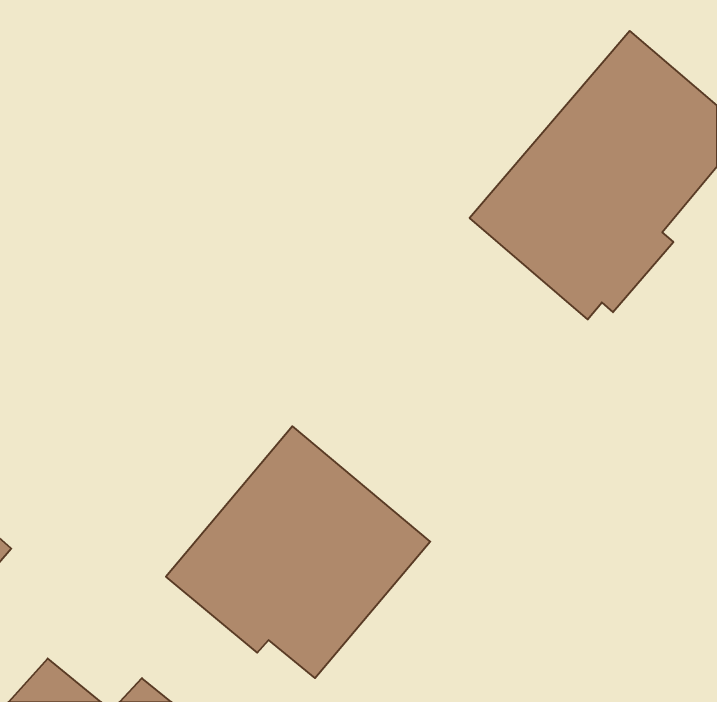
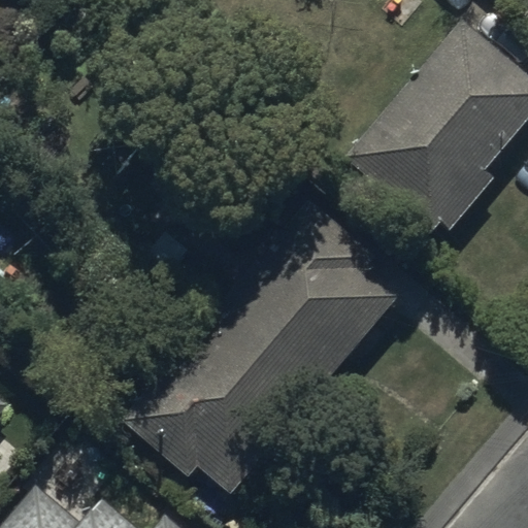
building: none -> [214,202,399,397]

